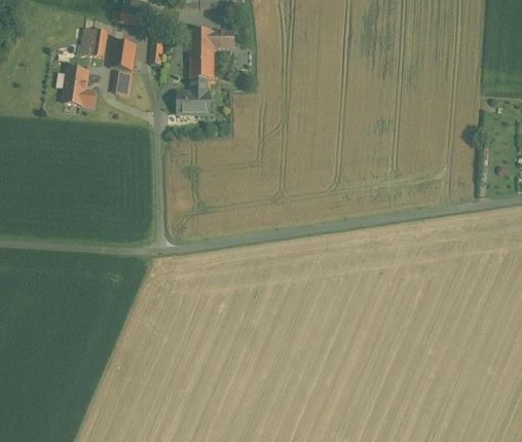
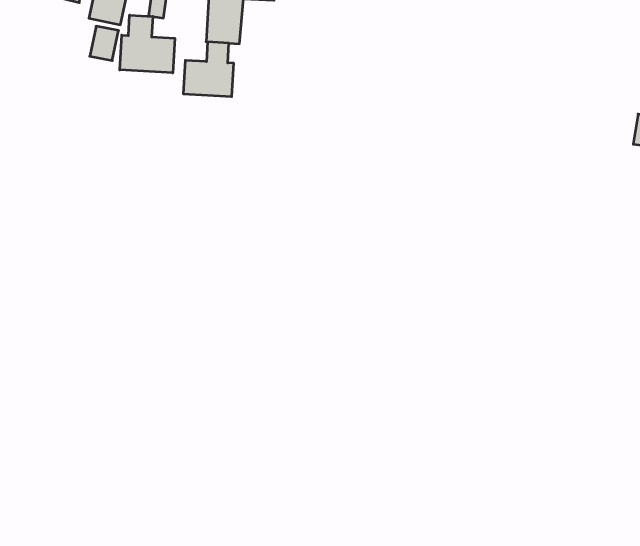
building: none -> [120,15,175,73]
building: [64,67,96,104] -> none

